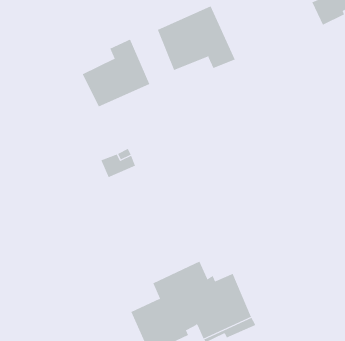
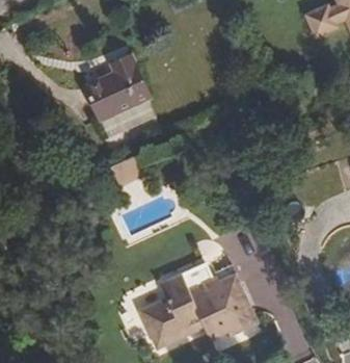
building: [157,6,236,71] -> none

